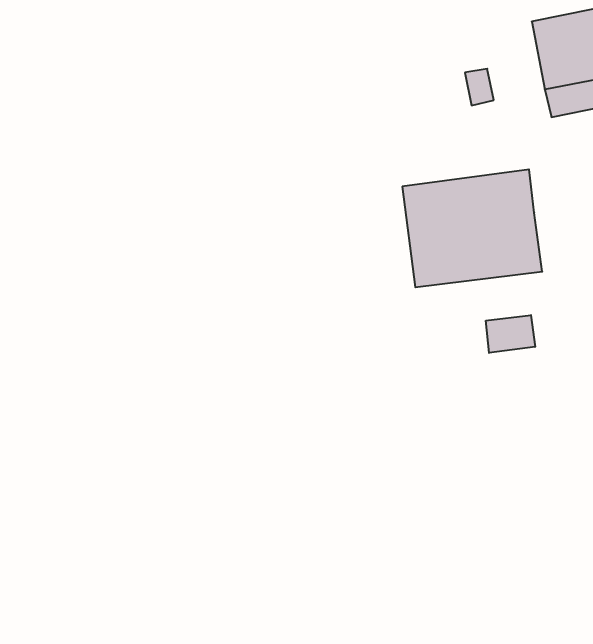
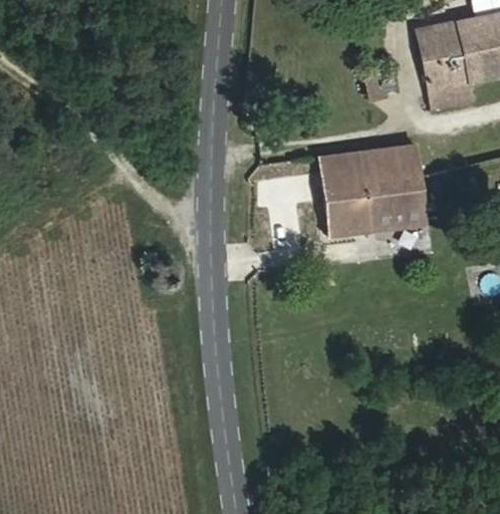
building: [486,315,535,353] -> none

